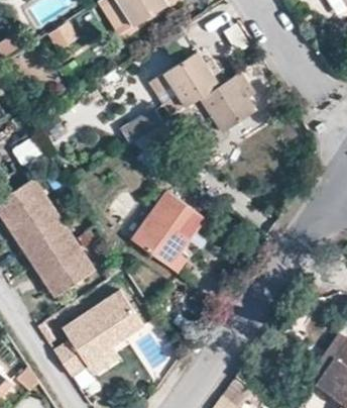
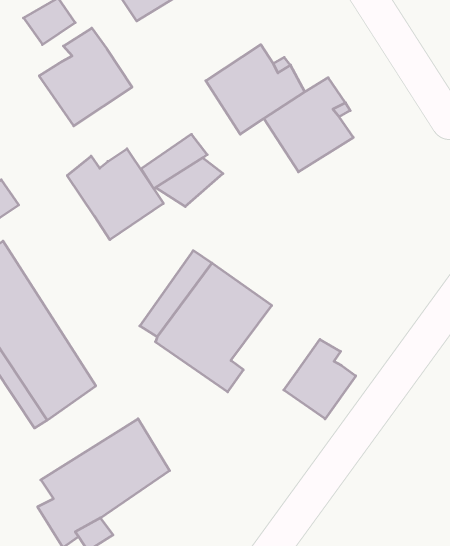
building: none -> [39,28,132,126]
building: none -> [67,149,163,240]
building: none -> [284,339,356,419]

